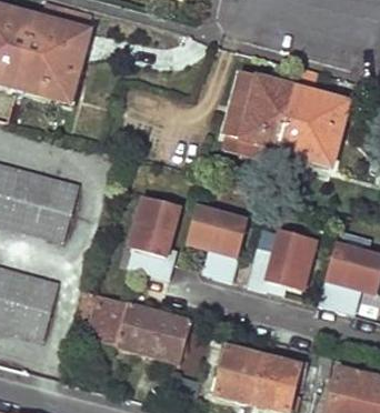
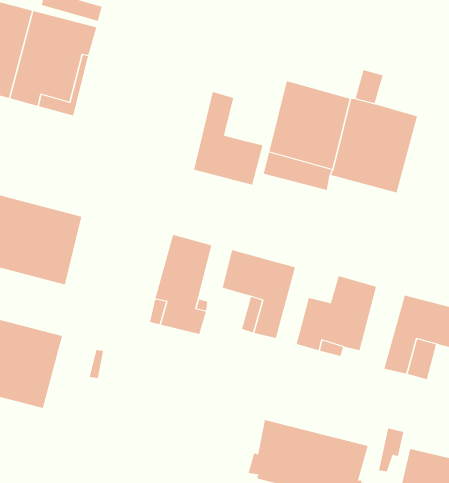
building: none -> [193,91,263,185]
building: [87,293,192,363] -> none

